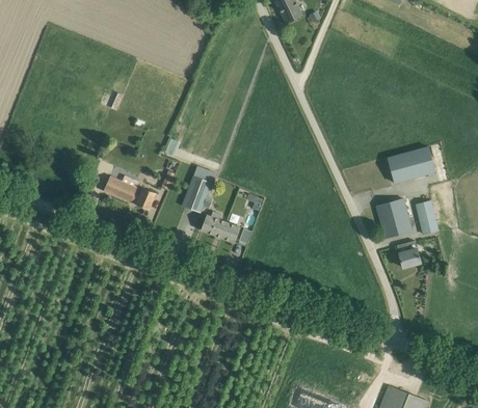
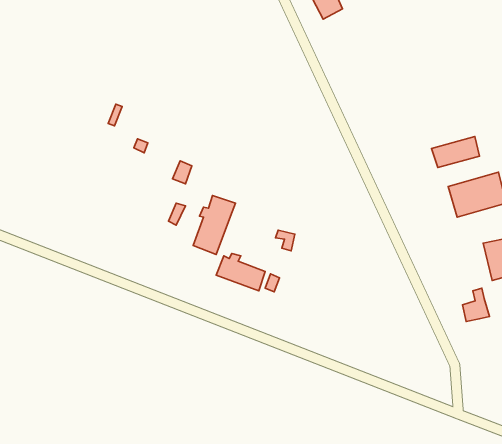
building: none -> [432,136,480,167]
building: [104,175,156,210] -> none
building: [376,199,409,238] -> none

